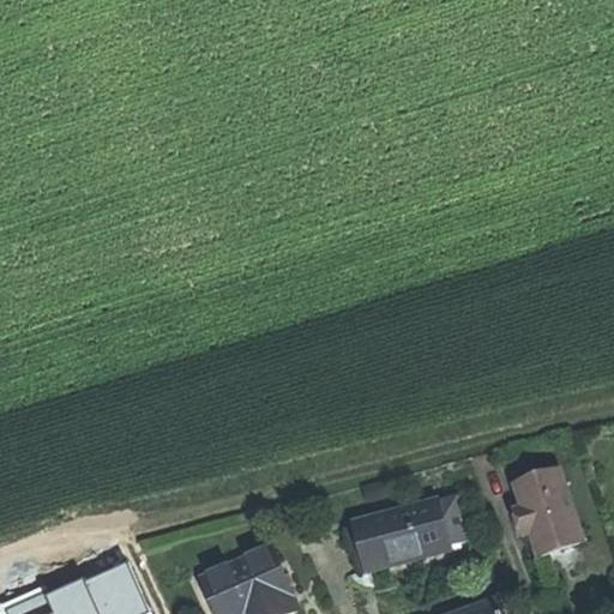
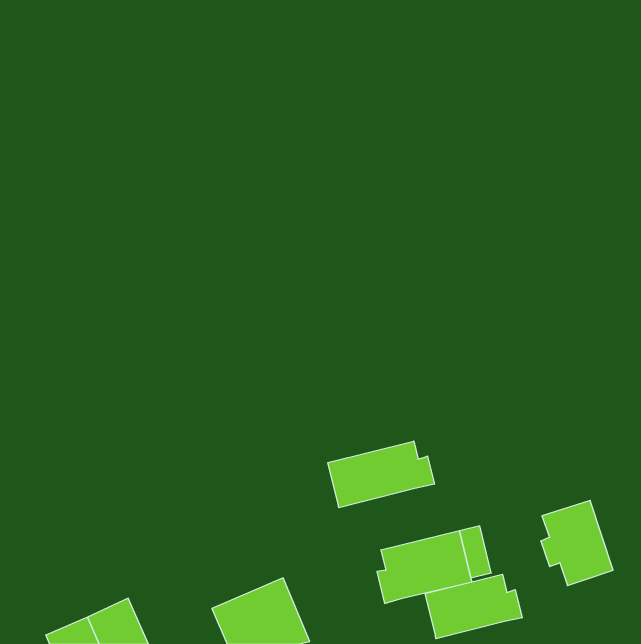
building: none -> [328,441,435,508]
building: none -> [425,574,522,639]

